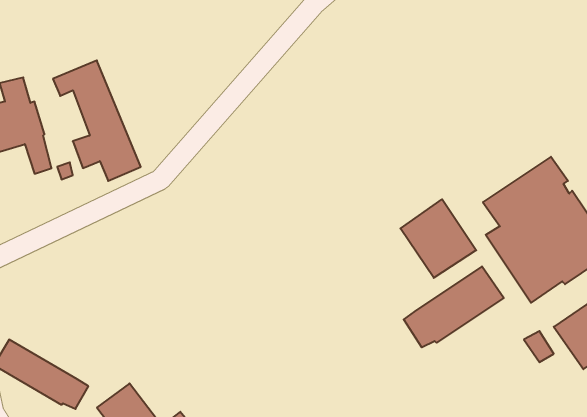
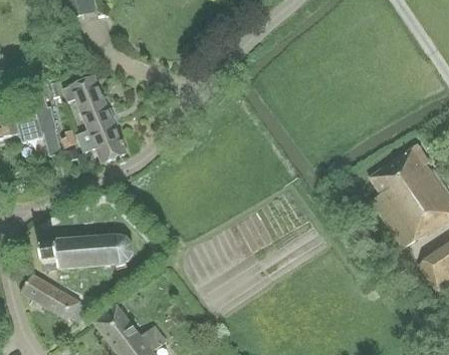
building: [400,199,476,278] -> none
building: [404,266,504,347] -> none
building: none -> [41,235,134,270]

